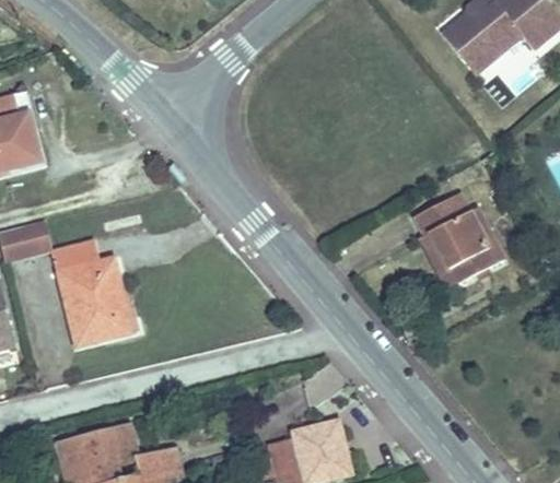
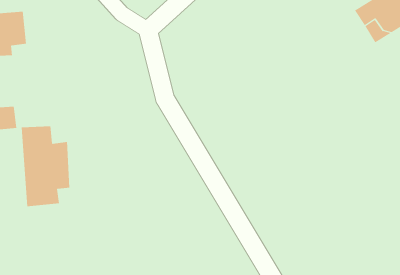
building: [395,197,487,286] -> none

